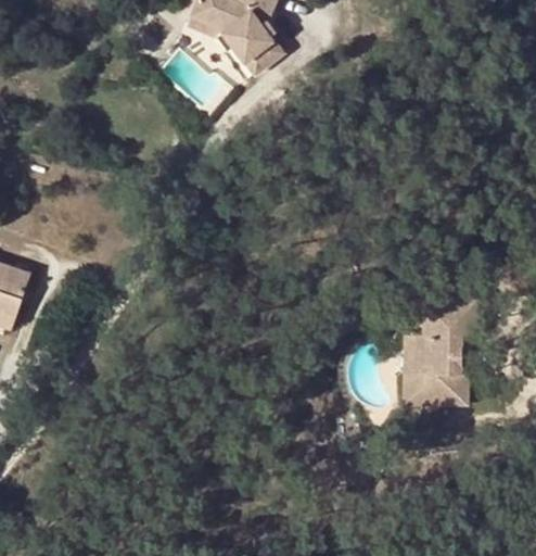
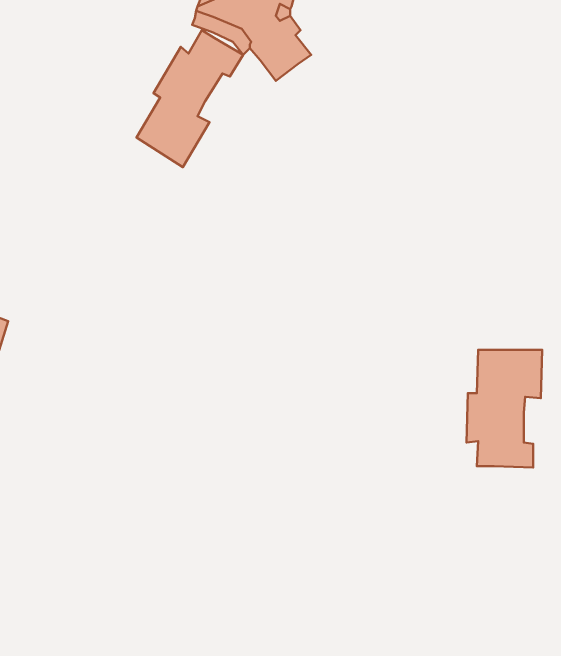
building: none -> [136,30,243,167]
building: [400,332,468,407] -> none

